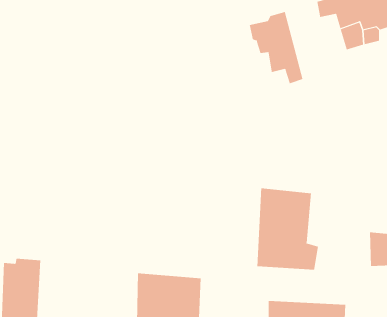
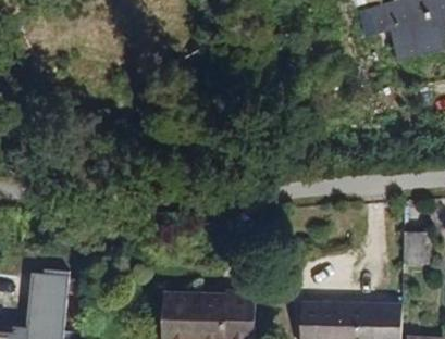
building: [249,11,303,84] -> none
building: [257,188,319,271] -> none

